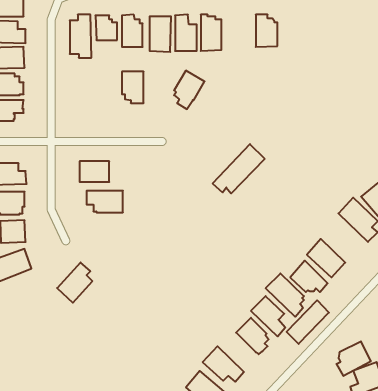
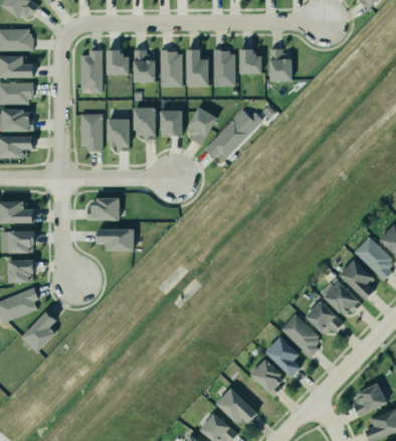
building: none -> [239,48,261,74]
building: none -> [159,104,181,133]
building: none -> [79,113,102,151]
building: none -> [107,119,129,151]
building: [213,144,265,193] -> [203,109,256,159]
building: none -> [339,259,375,300]
building: [57,262,92,303] -> [22,311,58,352]
building: [287,300,329,344] -> none

